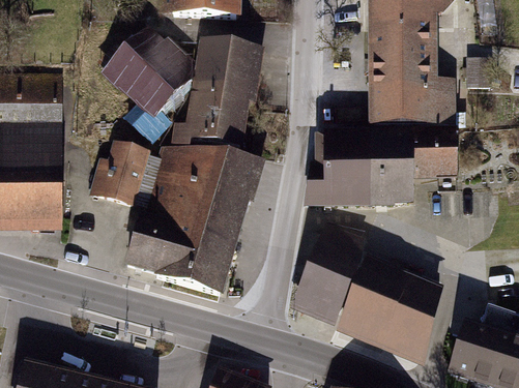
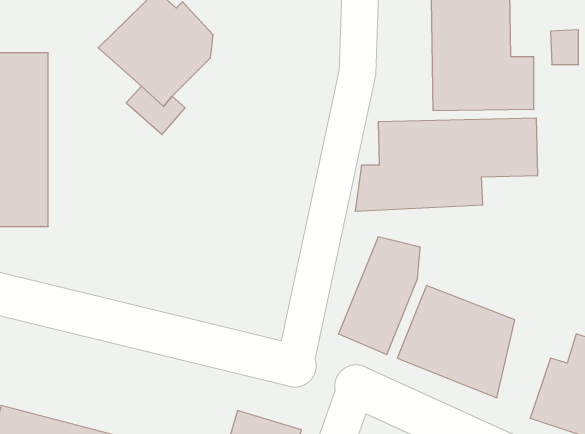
building: [171,40,263,148] -> none
building: [91,143,148,206] -> none
building: [127,150,260,292] -> none

